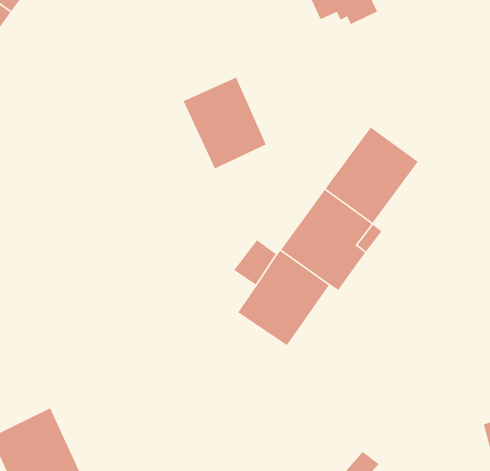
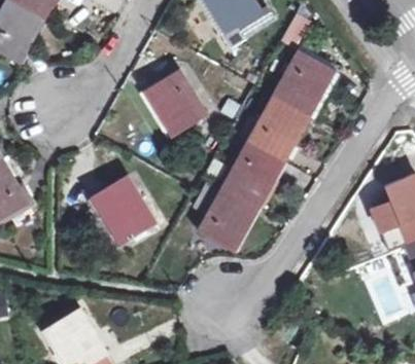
building: none -> [271,51,330,115]
building: none -> [96,178,154,241]

